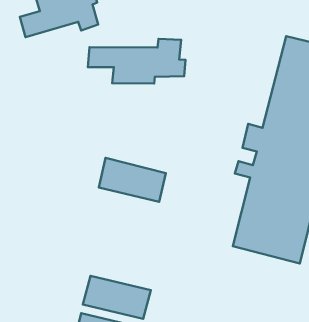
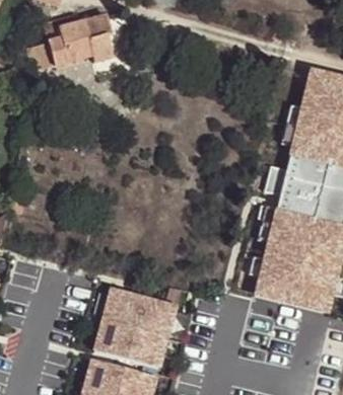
building: [88,39,186,83] -> none
building: [99,158,166,202] -> [102,291,174,337]

